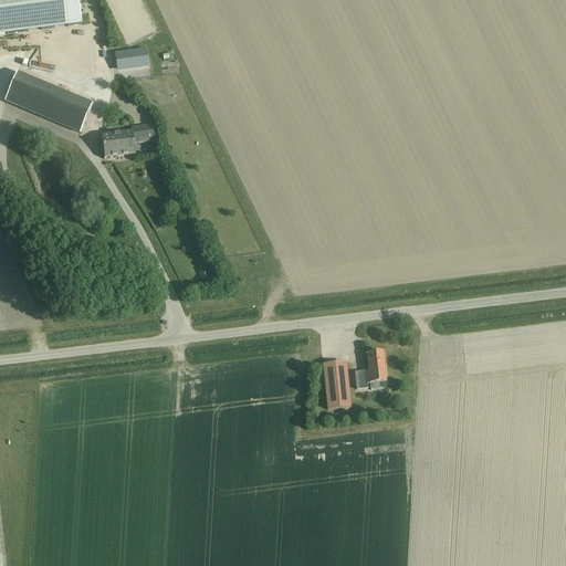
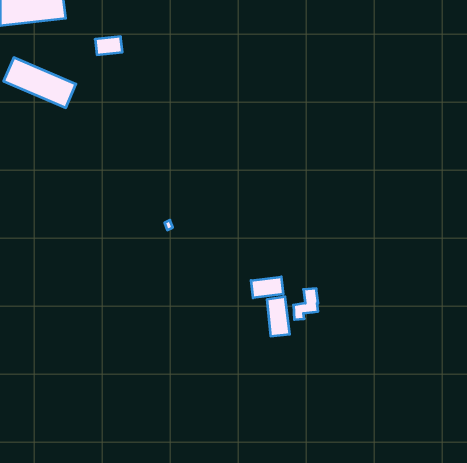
building: [101,122,155,156] -> none
building: none -> [251,277,283,298]

